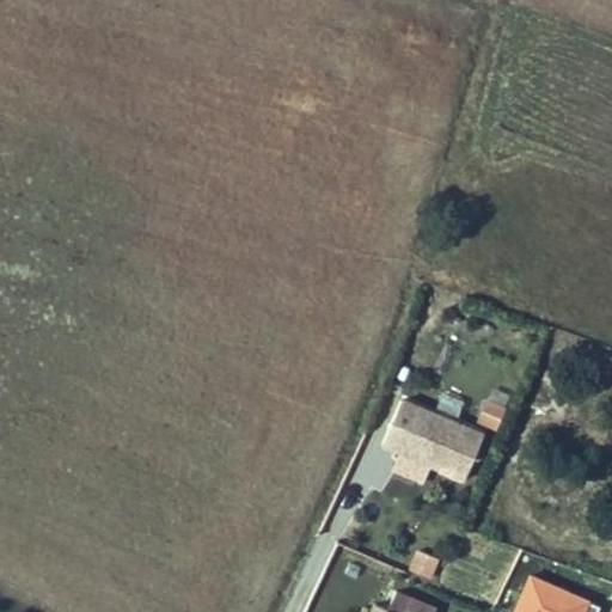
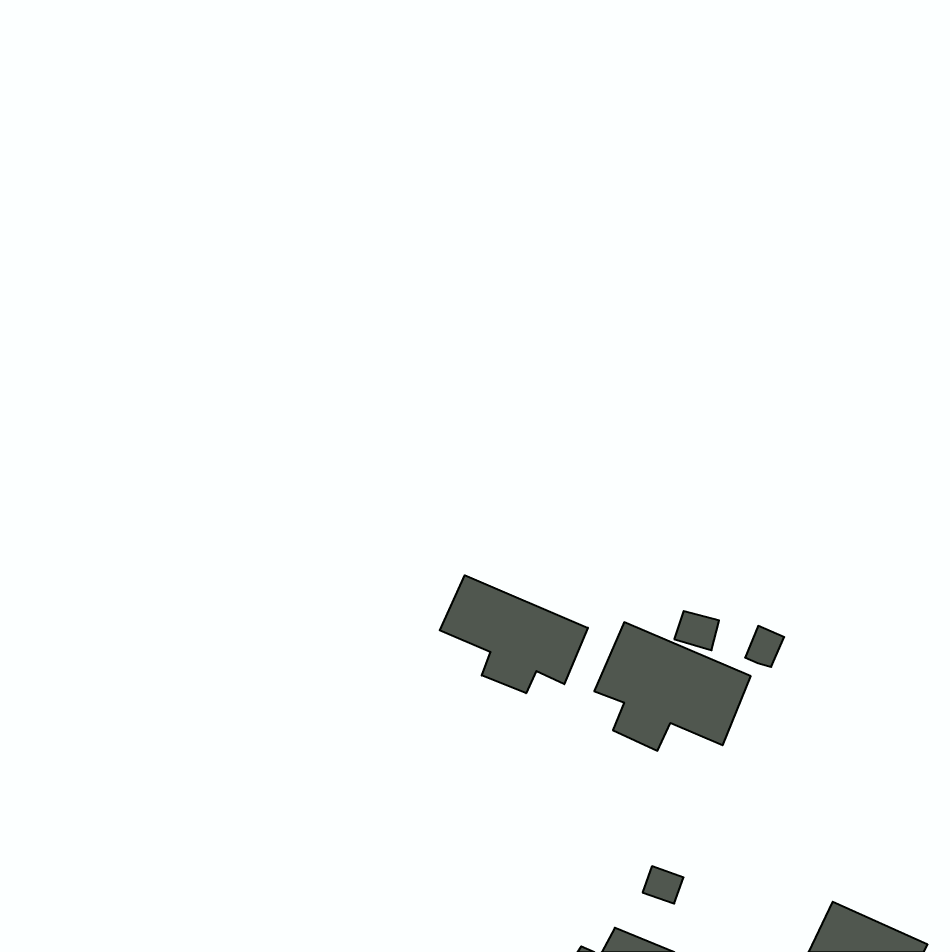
building: none -> [440,575,588,693]

